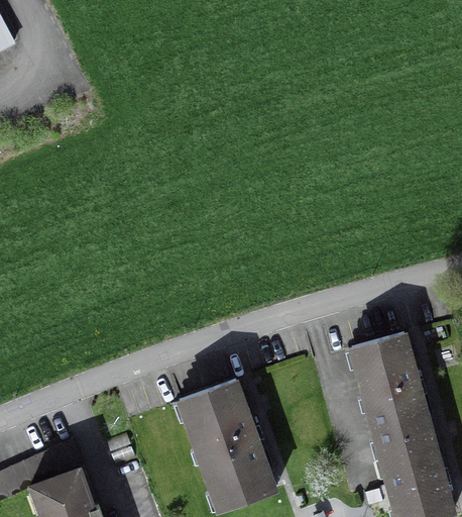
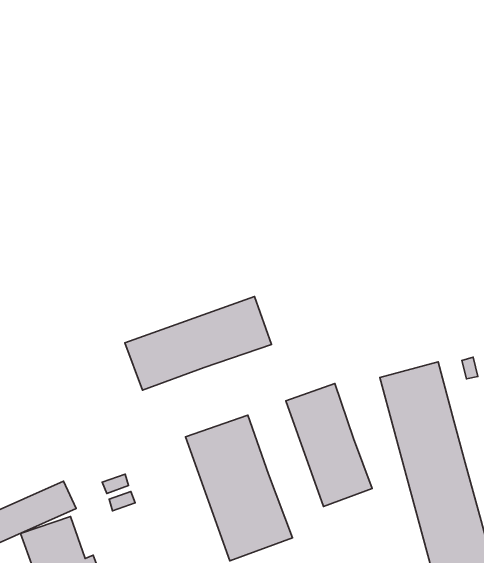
building: none -> [125,297,271,390]
building: none -> [286,384,372,507]

